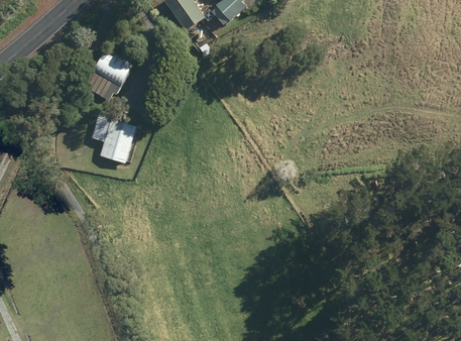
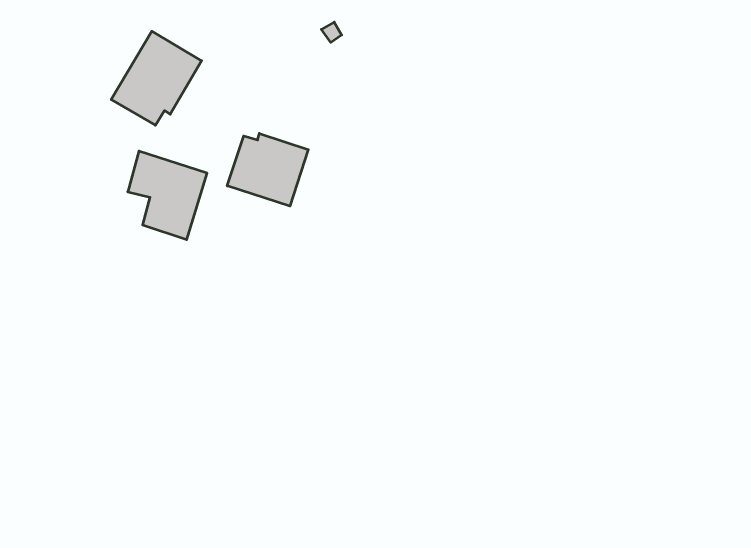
building: none -> [227,133,308,206]

